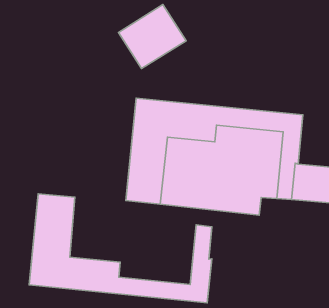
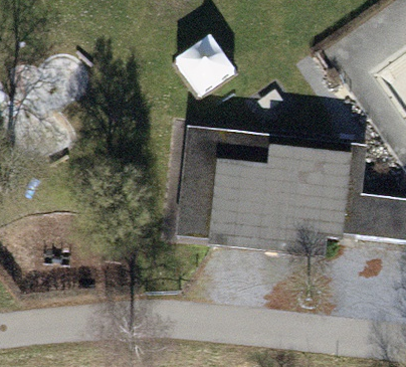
building: [29,194,212,303] -> none

